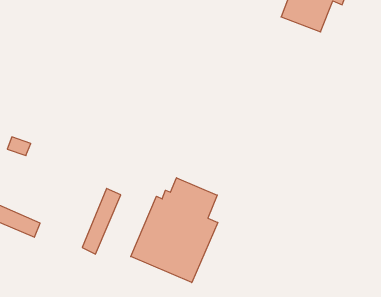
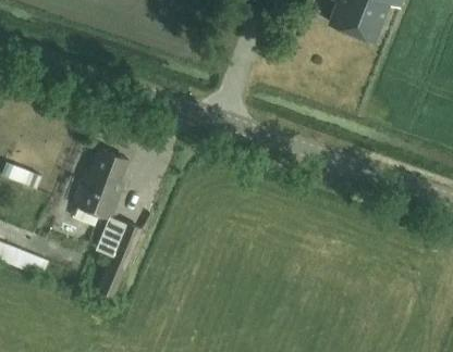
building: none -> [73,148,127,218]
building: [131,178,218,283] -> none

